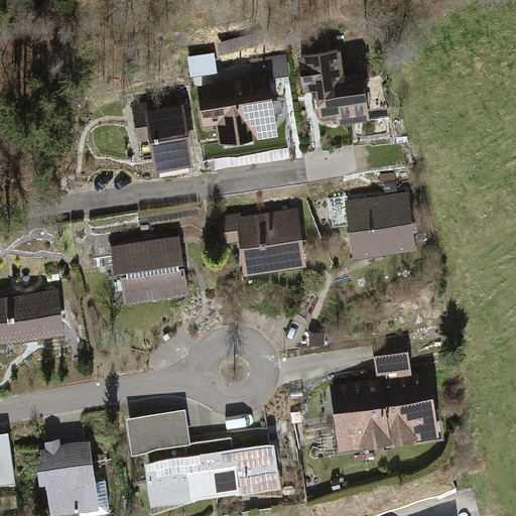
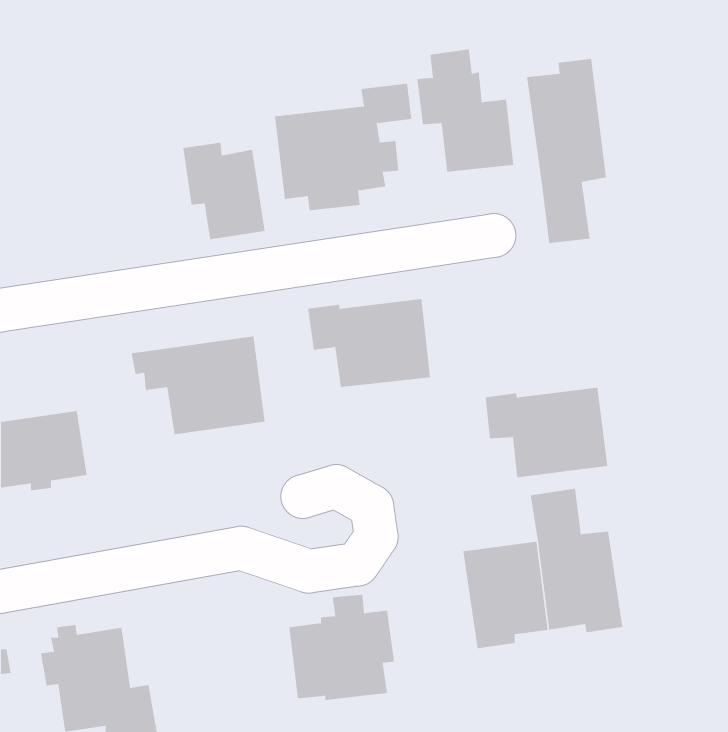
building: none -> [527,58,607,244]
building: [330,195,416,258] -> [485,387,608,478]
building: [126,412,213,505] -> none

